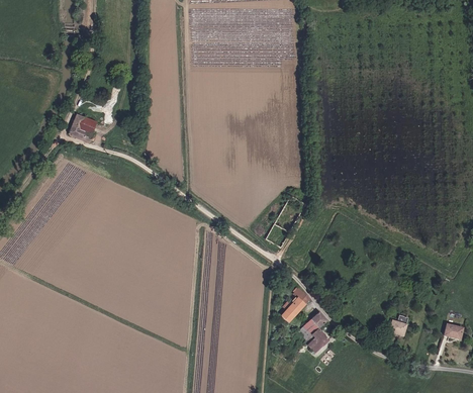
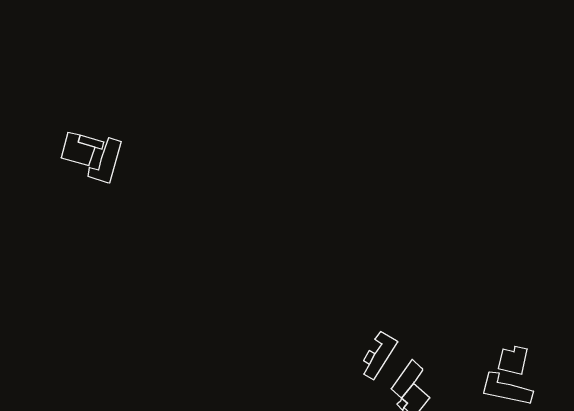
building: none -> [88,138,121,183]
building: none -> [484,372,533,403]

